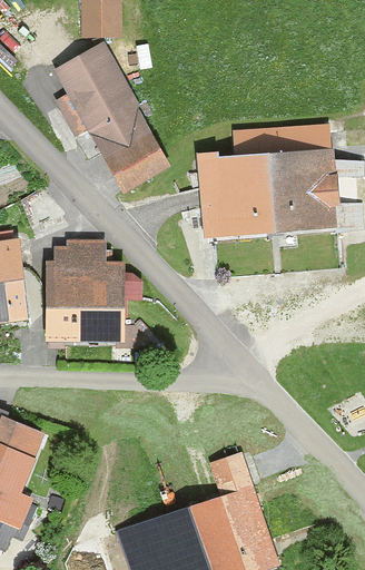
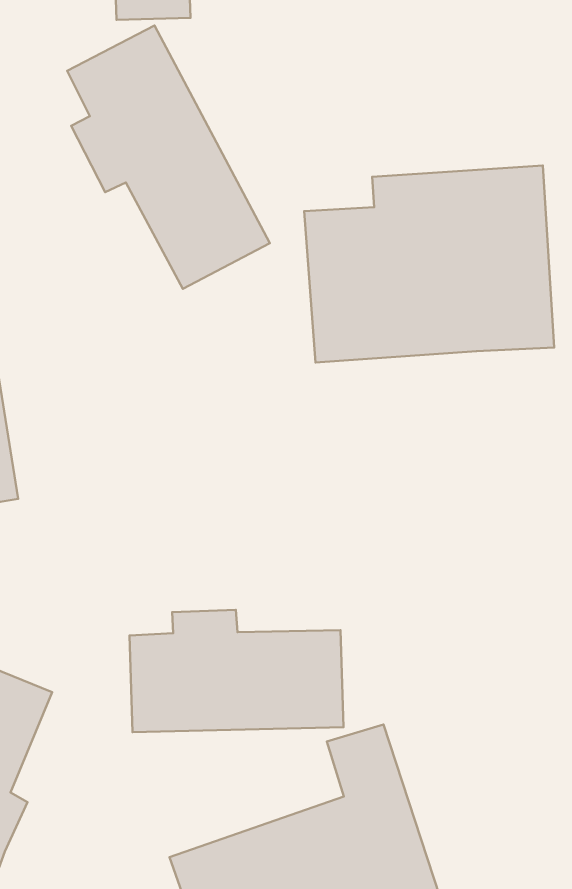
building: [46,258,128,348] -> none
building: none -> [130,610,344,732]

